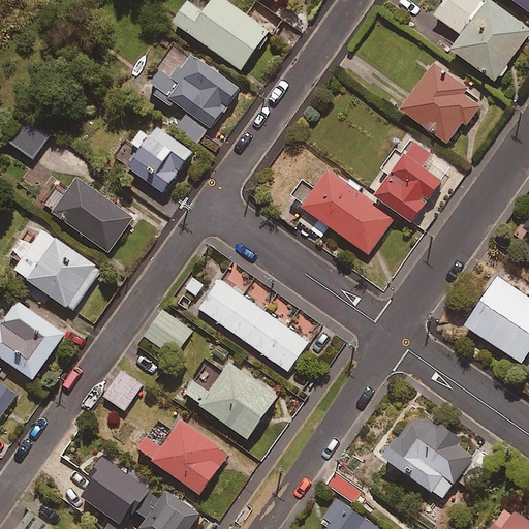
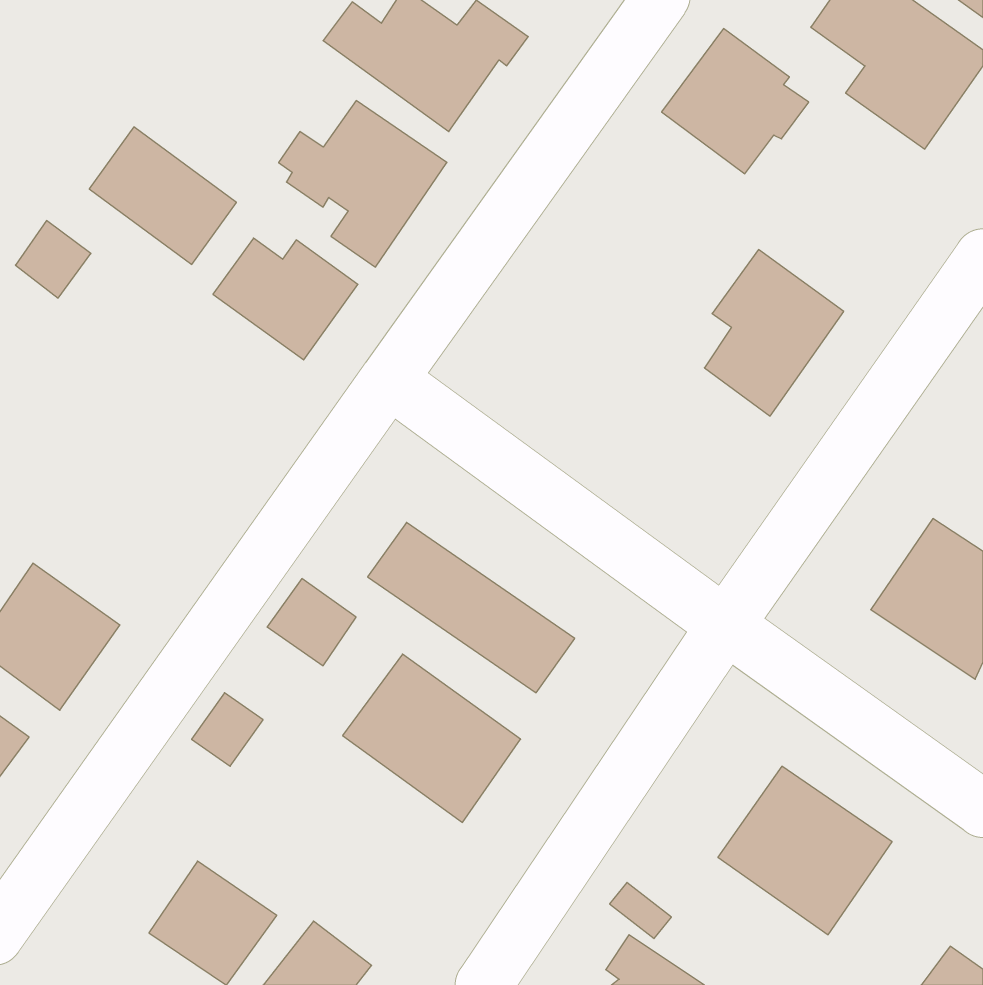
building: [401,65,479,143] -> [662,29,809,174]
building: [302,170,393,253] -> none
building: [53,180,131,253] -> [89,127,236,264]
building: [13,228,100,311] -> none
building: [136,421,227,494] -> none

